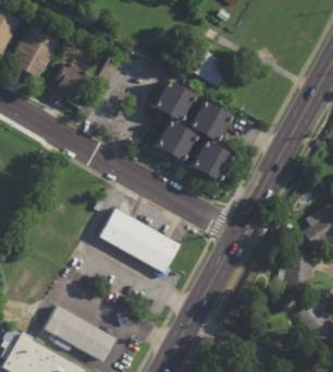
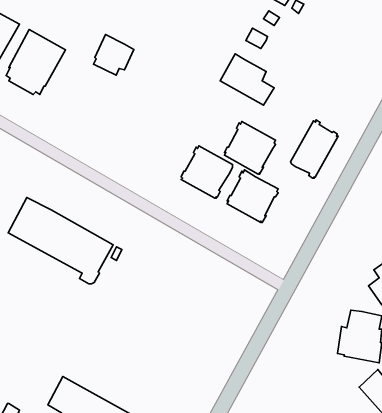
building: [56,67,88,99] -> [93,35,134,75]
building: [151,80,194,122] -> none
building: none -> [291,120,338,178]
building: [96,207,181,277] -> [8,198,113,284]

